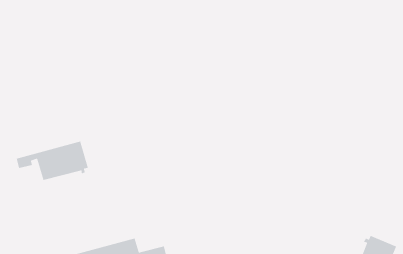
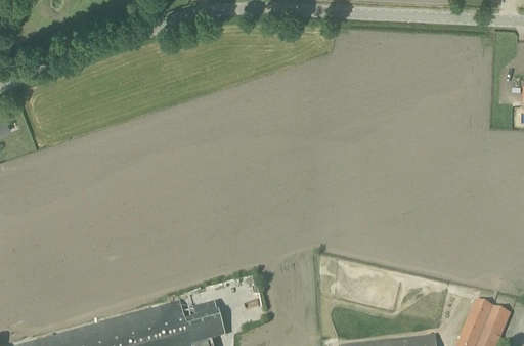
building: [16,140,89,181] -> none

